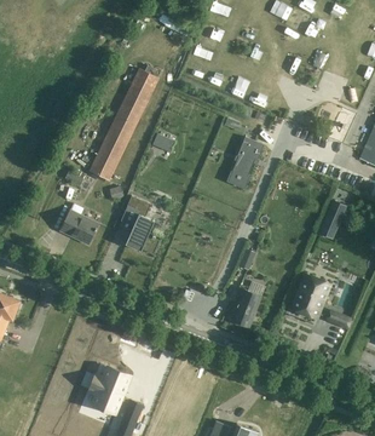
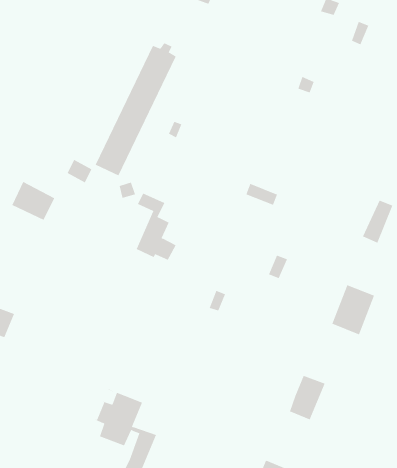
building: [230,137,264,180] -> none
building: [59,210,97,243] -> [12,181,55,221]
building: [230,288,261,327] -> [289,375,326,420]

